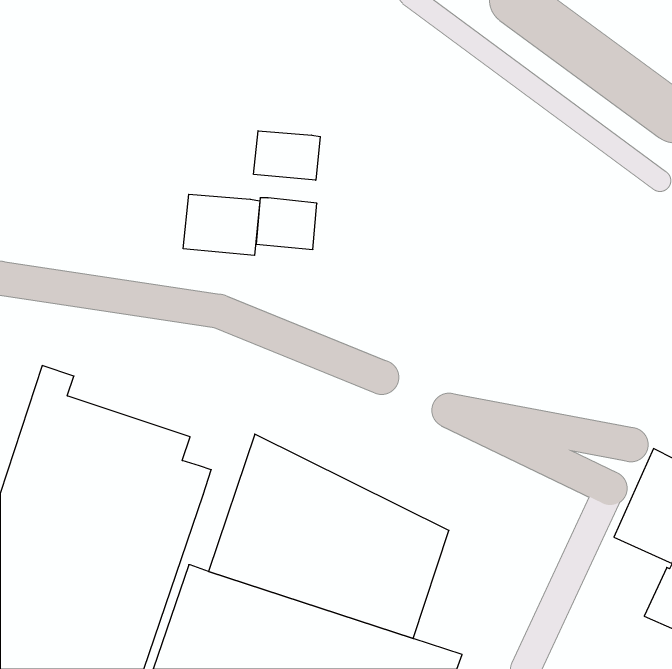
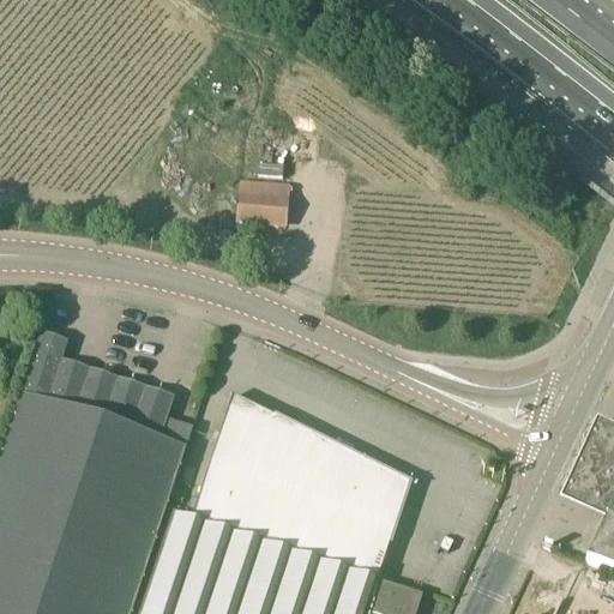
building: [254,131,320,180] -> none
building: [183,194,260,255] -> none

